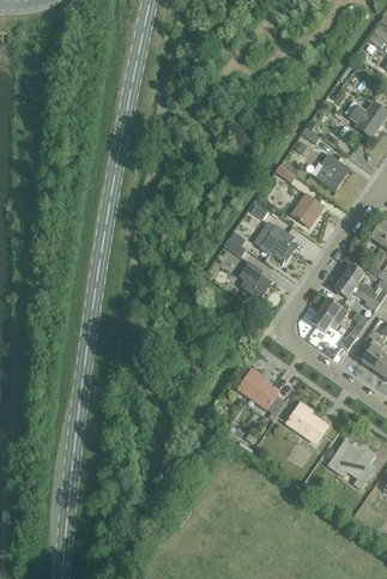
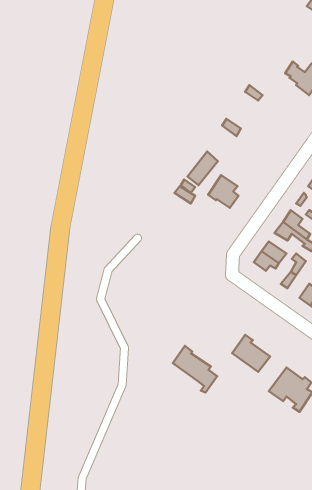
building: [316,153,349,189] -> none
building: [290,193,322,225] -> none
building: [240,263,270,297] -> none
building: [237,368,286,420] -> [173,346,217,393]

